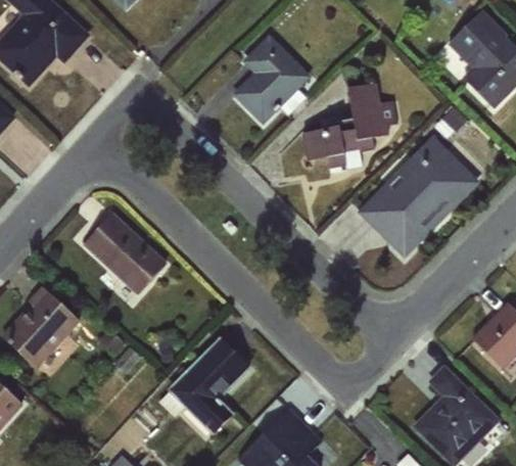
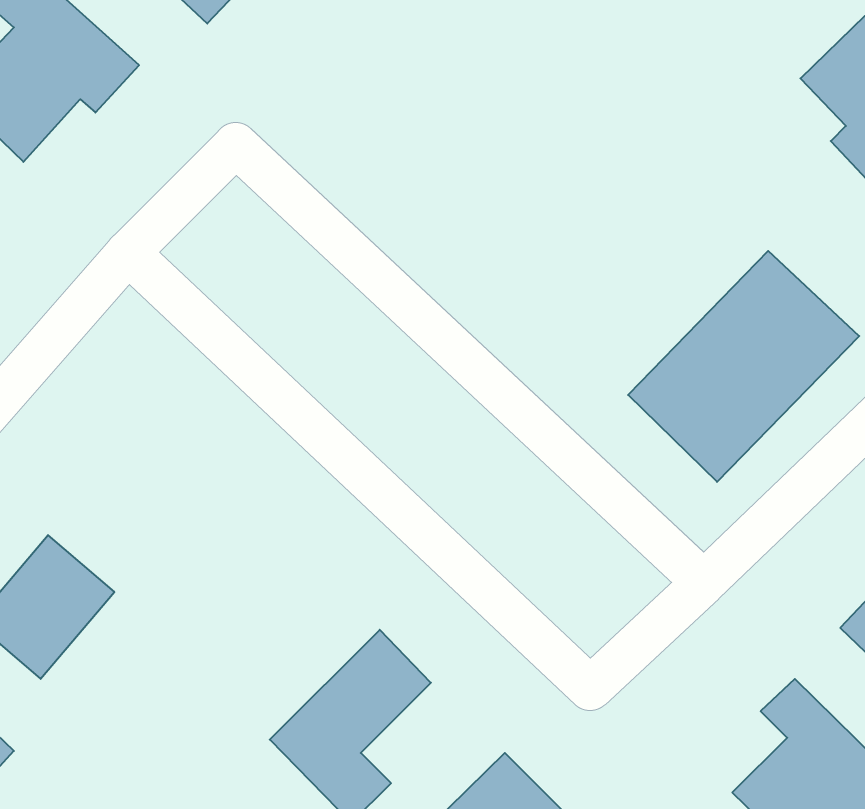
building: [231,34,311,124] -> none
building: [302,85,397,172] -> none
building: [85,212,169,294] -> none

